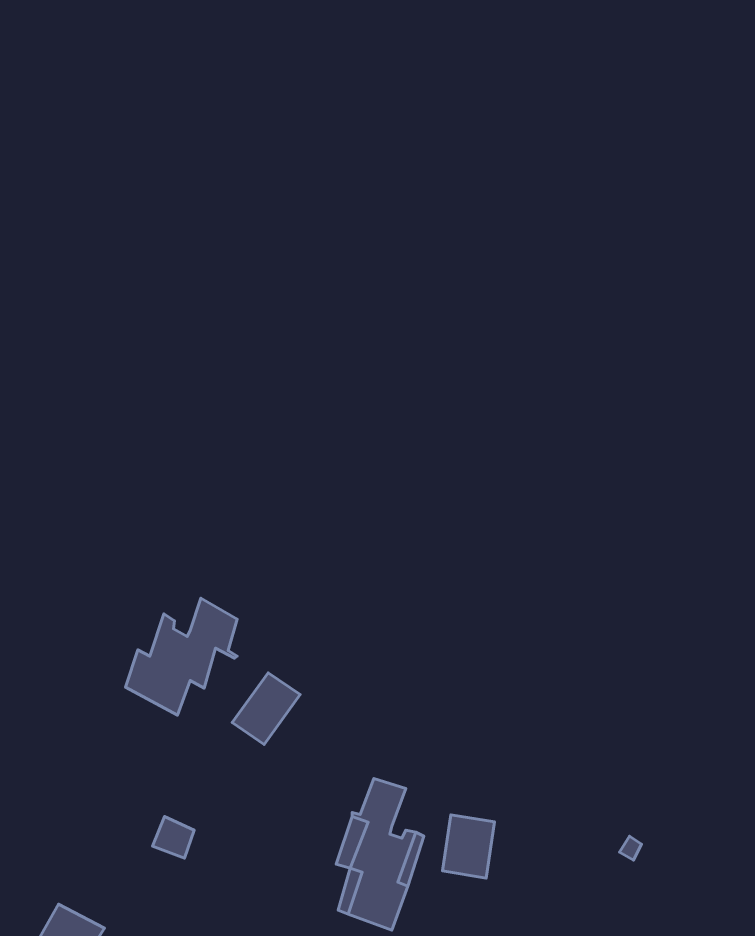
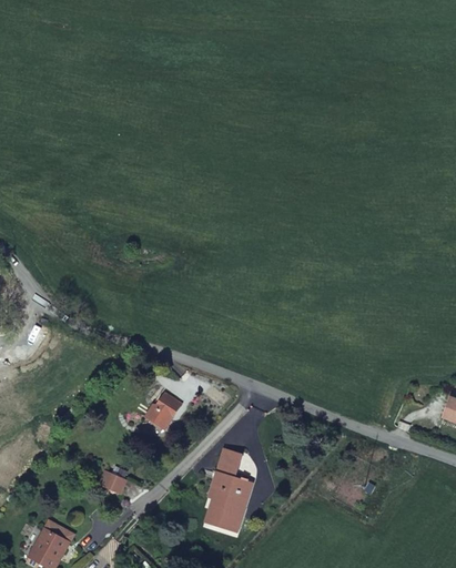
building: [126,598,237,715] -> none
building: [443,815,494,878] -> none

